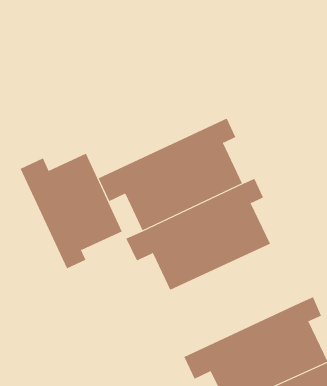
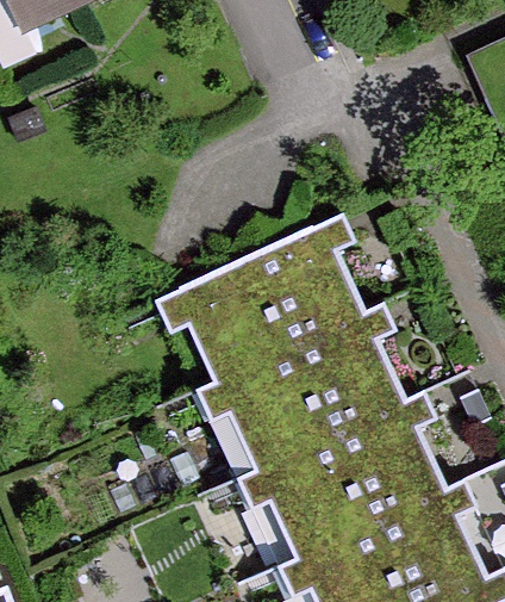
building: [20,153,122,269] -> none
building: none -> [235,389,439,548]

